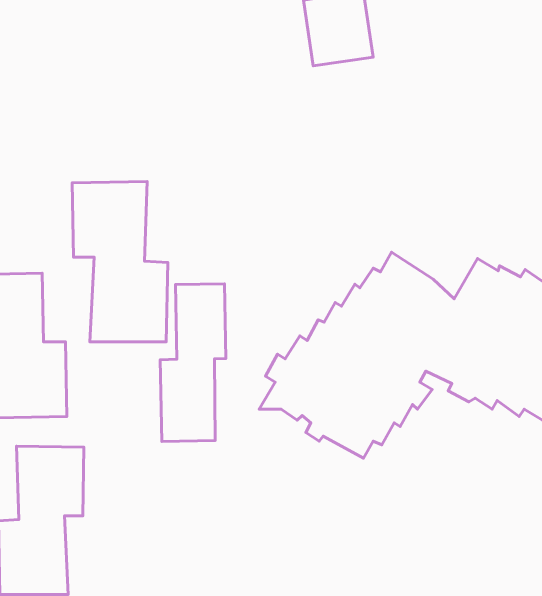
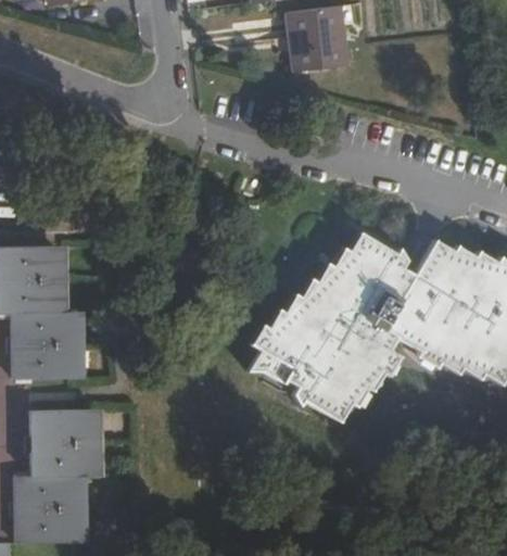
building: [72,182,168,342] -> none
building: [160,284,226,441] -> none

